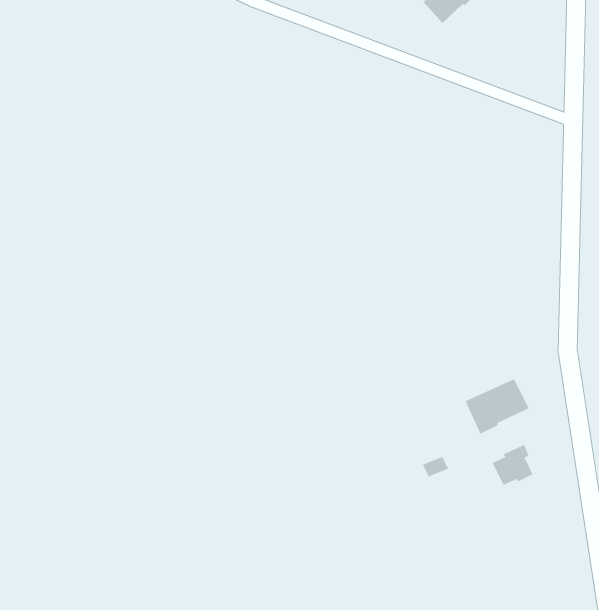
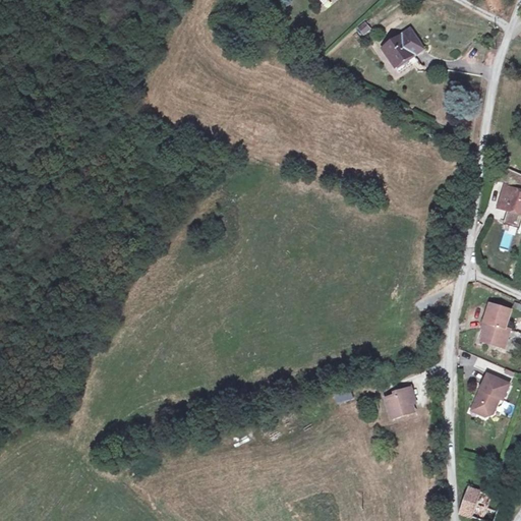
building: [465,378,530,434] -> none

